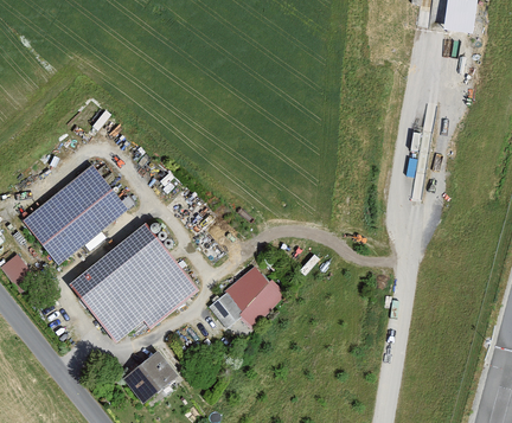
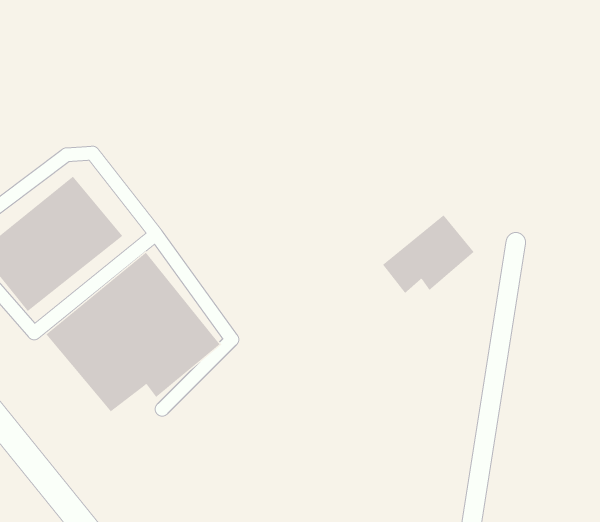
building: [223,268,290,326] -> [382,215,475,294]
building: [122,351,177,404] -> none

